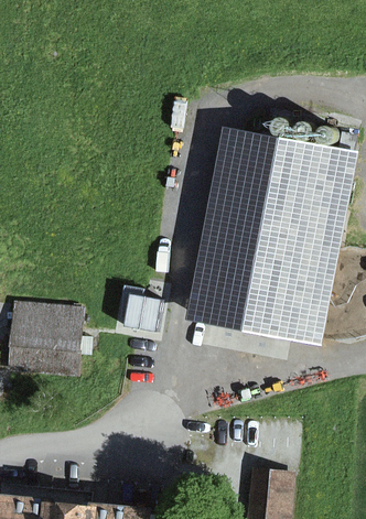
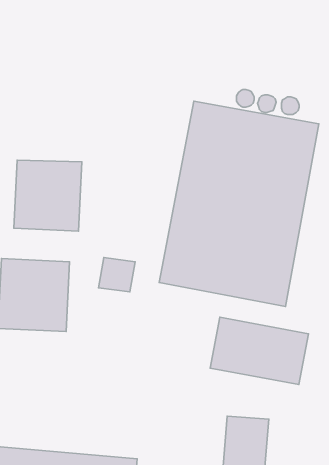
building: none -> [14,160,82,231]
building: none -> [210,317,308,384]

